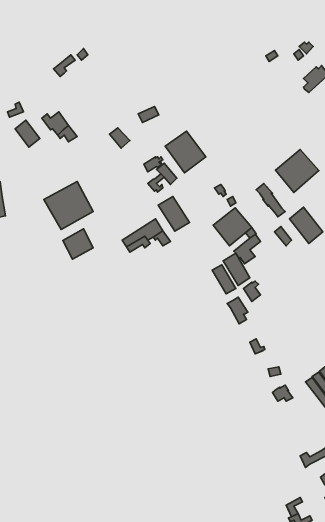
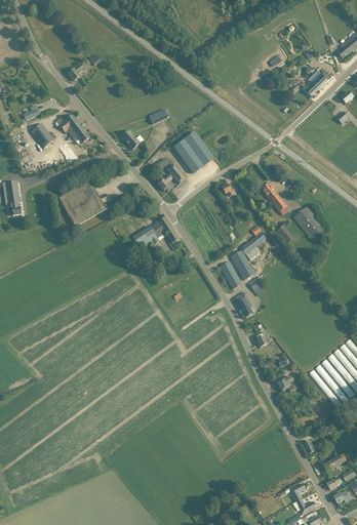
building: [275,150,319,192] -> none
building: [158,196,190,231] -> none
building: [213,208,252,246] -> none
building: [63,229,93,259] -> none

